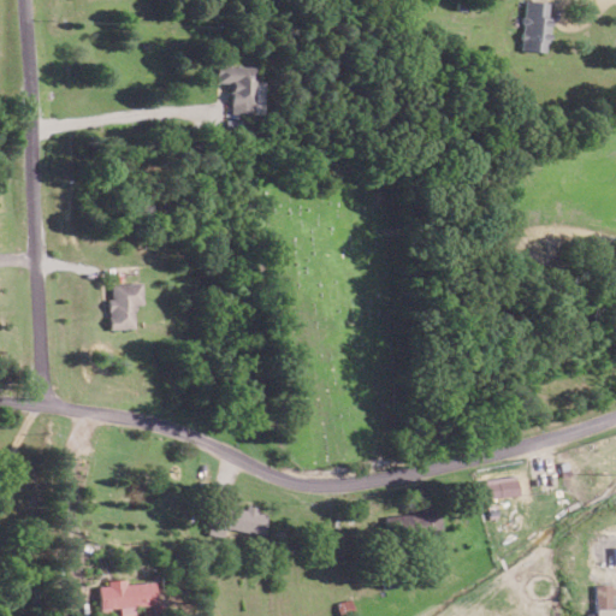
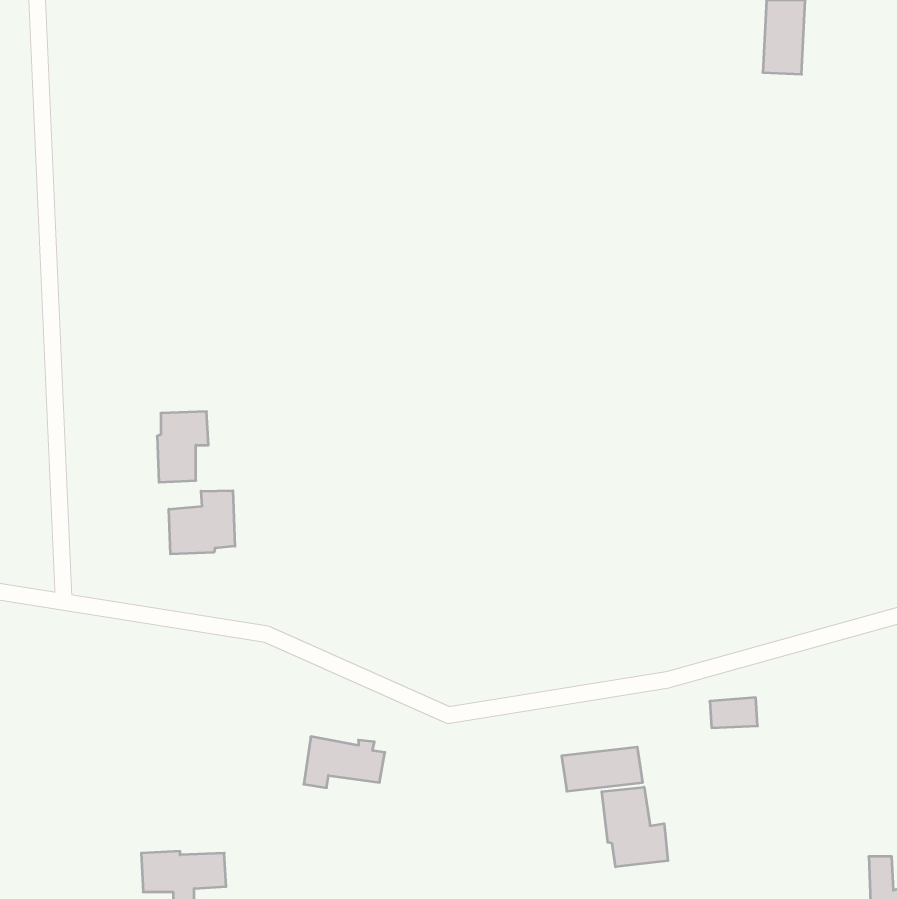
building: [218,66,256,116] -> none
building: none -> [169,491,235,554]
building: none -> [602,787,668,867]

